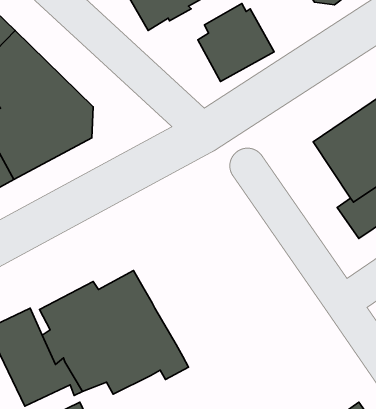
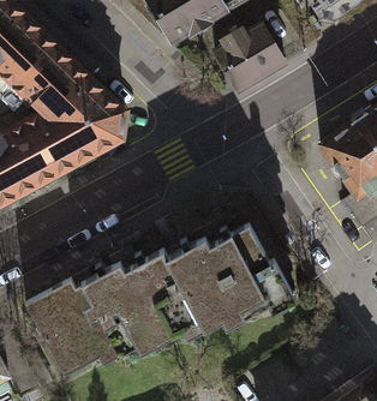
building: none -> [170,238,293,336]

